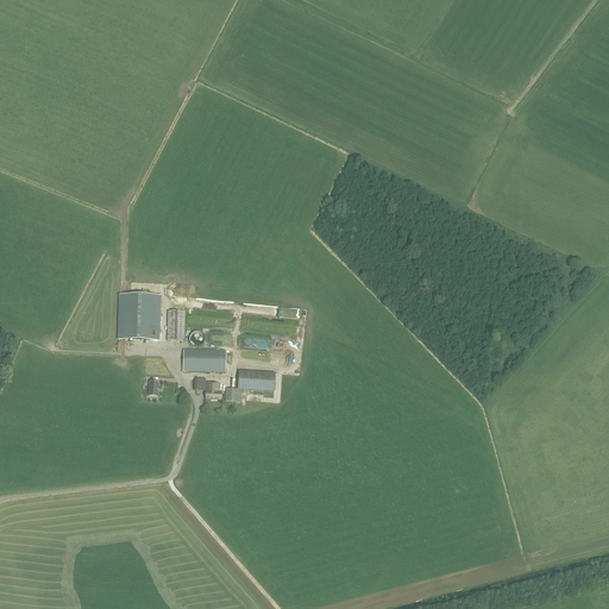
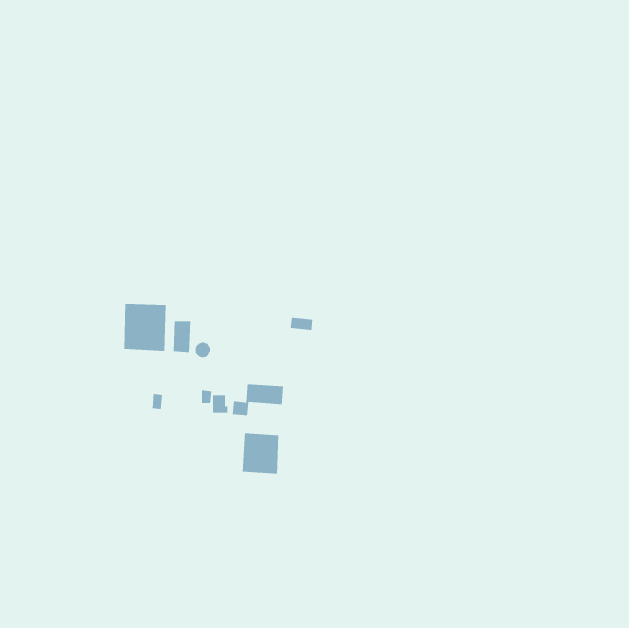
building: [182,350,224,369] -> none
building: none -> [242,432,279,474]

